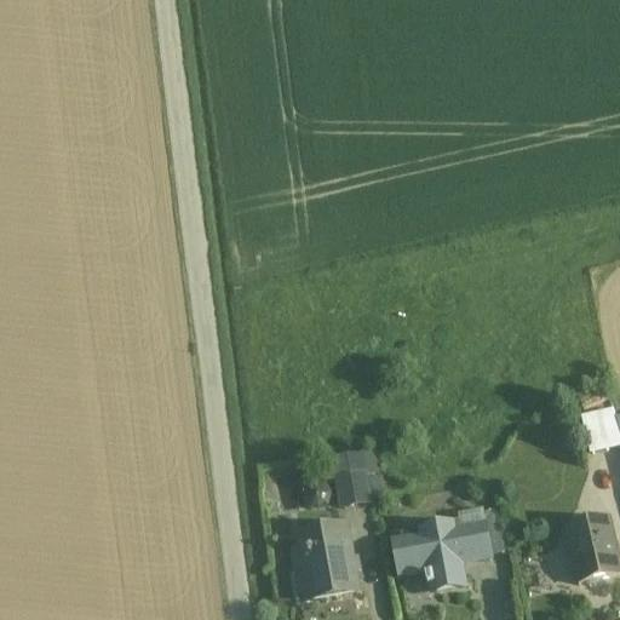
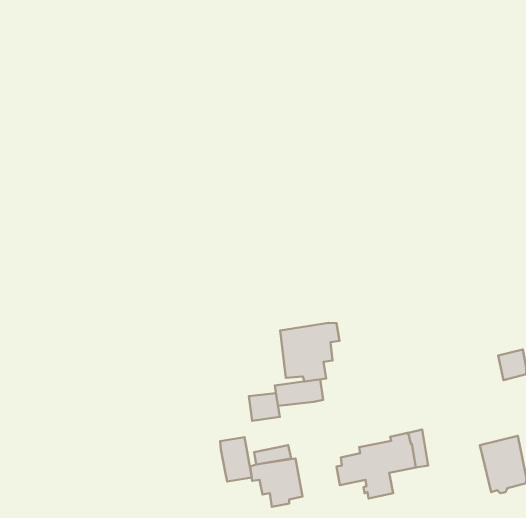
building: none -> [280,323,339,381]
building: [338,473,374,506] -> [249,393,280,421]
building: none -> [220,437,252,482]

